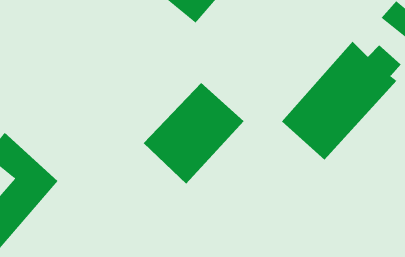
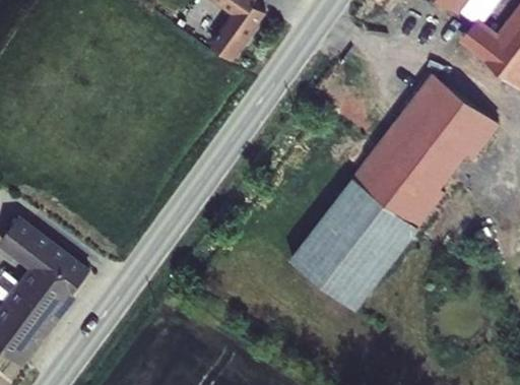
building: [143,82,245,185] -> [290,179,410,304]

